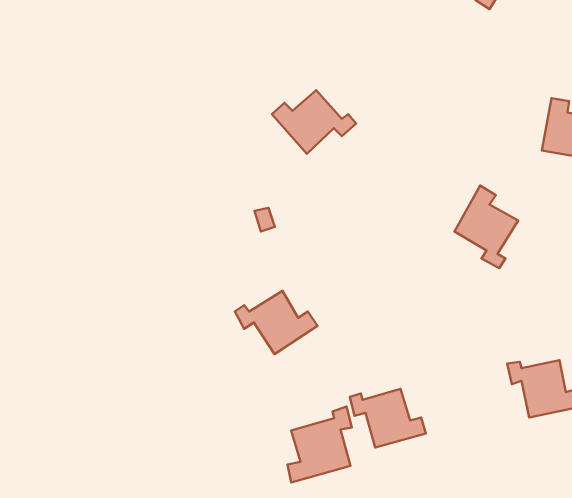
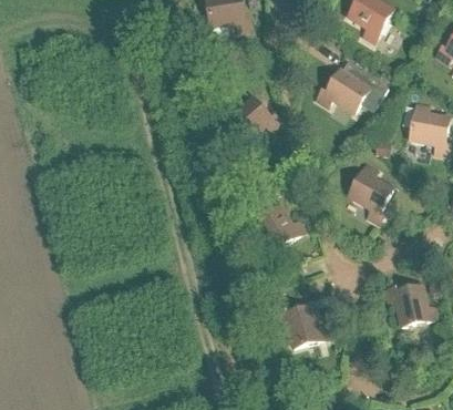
building: none -> [317,62,388,112]
building: [235,291,317,354] -> [247,205,305,249]
building: [288,407,352,483] -> none

